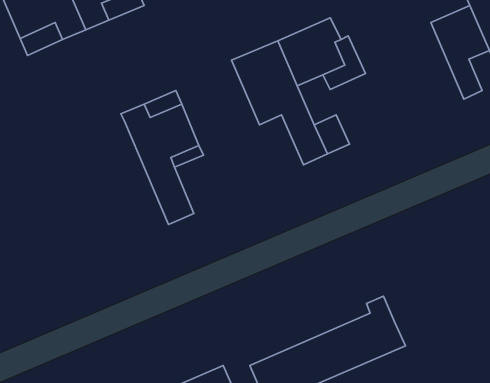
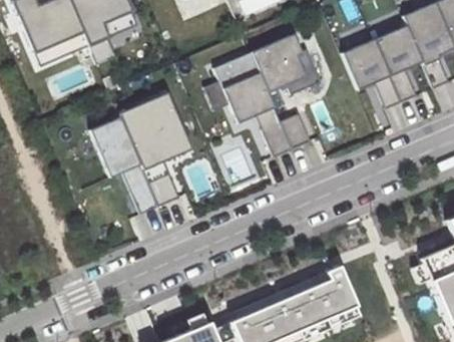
building: none -> [345,38,404,108]
building: none -> [94,119,160,213]

